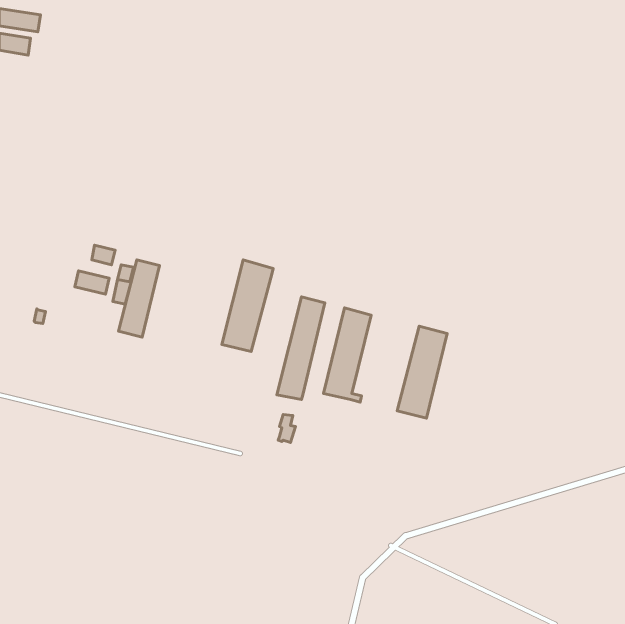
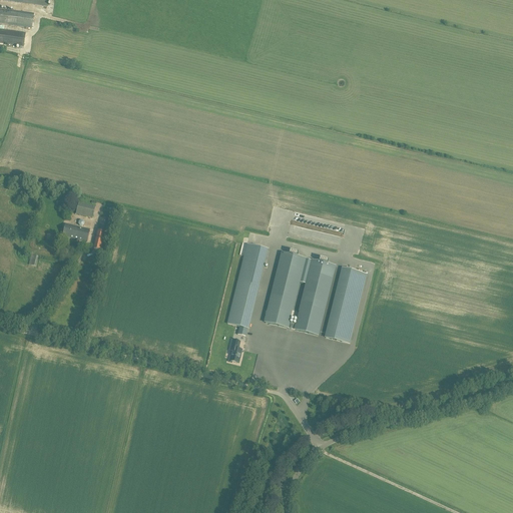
building: [222,260,273,352] -> none
building: [119,260,159,337] -> none
building: none -> [295,260,334,335]

